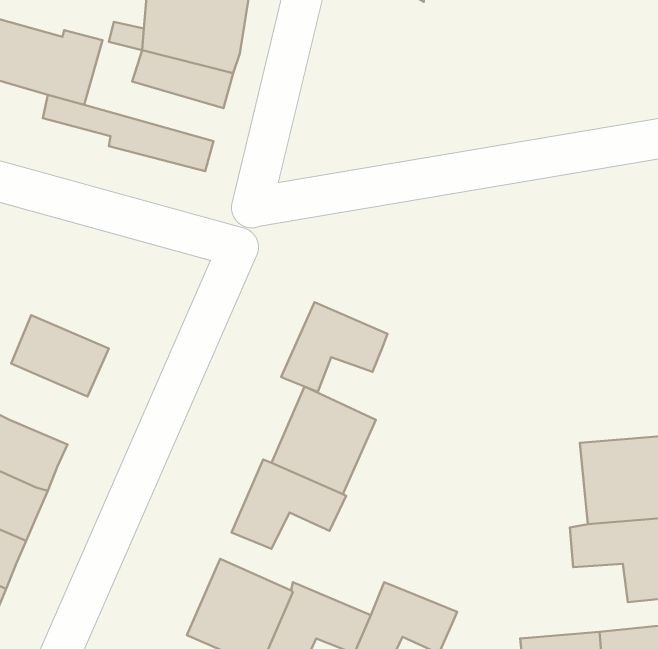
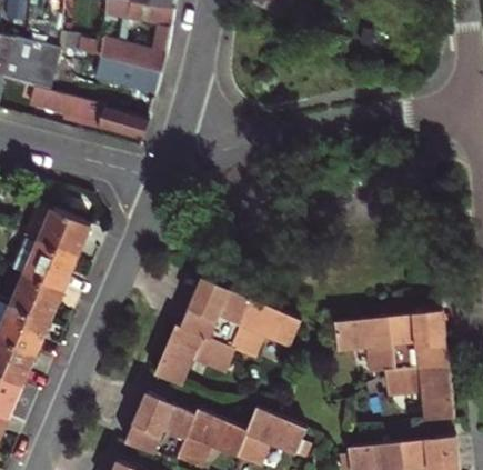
building: none -> [22,198,88,253]
building: [281,302,387,392] -> [231,301,302,361]
building: none -> [8,269,60,318]
building: none -> [335,317,395,374]

